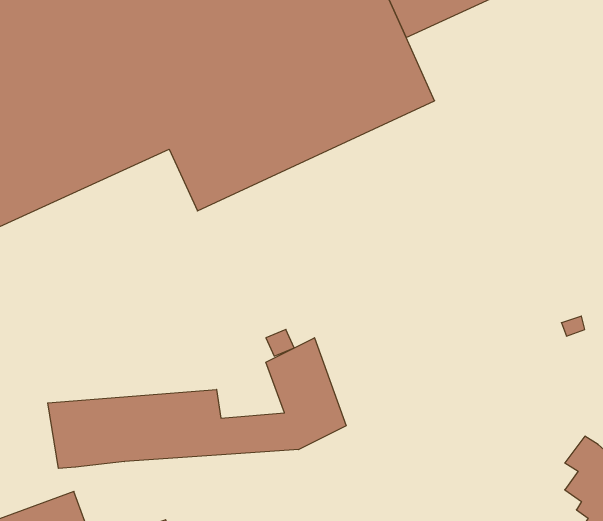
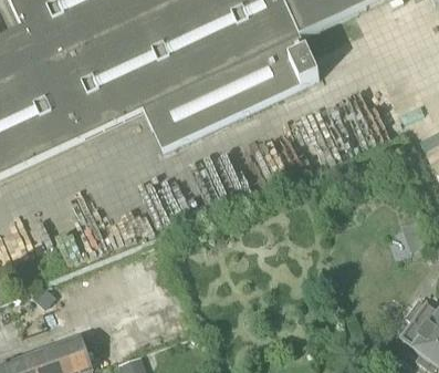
building: [48,338,346,468] -> none

